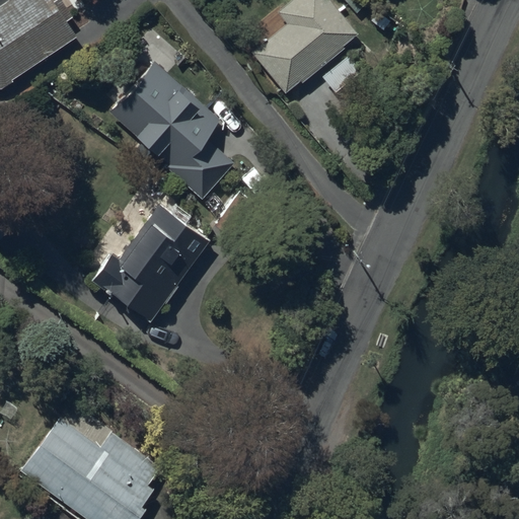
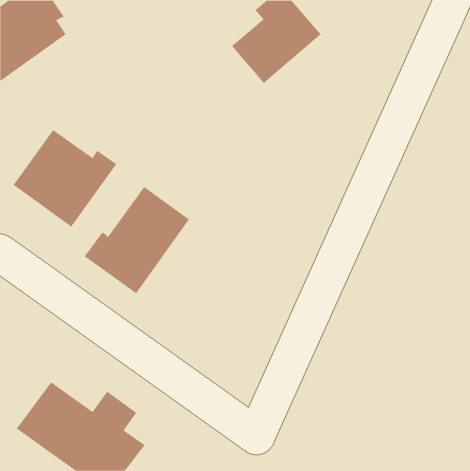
building: [110,65,241,201] -> none
building: none -> [13,129,117,228]

